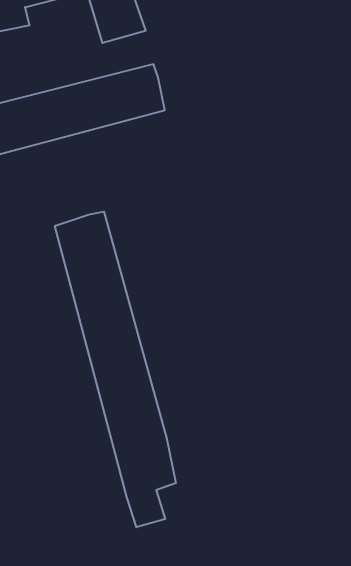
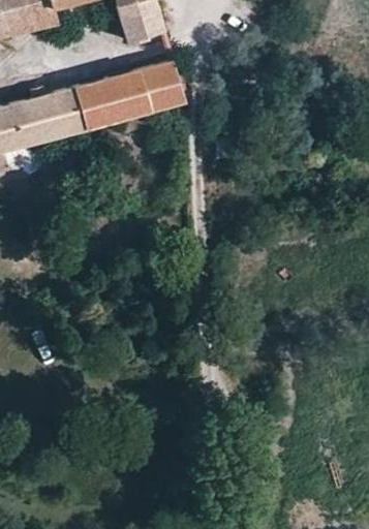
building: [55,212,176,527] -> none

